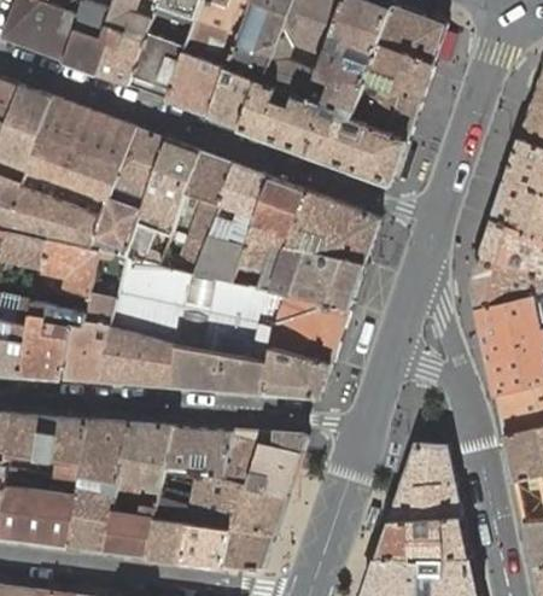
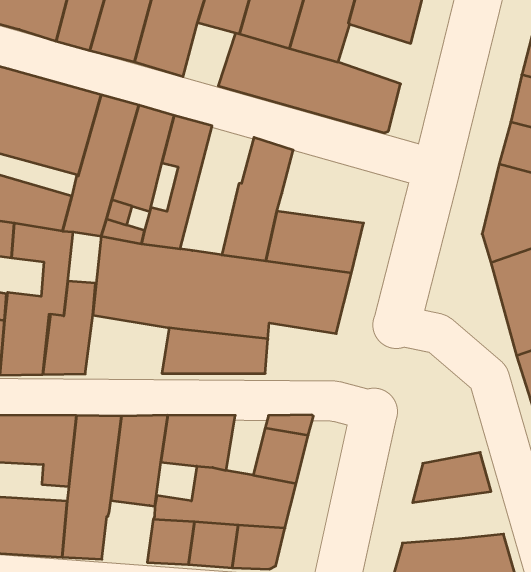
building: [210,69,261,128] -> none
building: [352,81,420,139] -> none
building: [195,164,270,282] -> none
building: [286,192,379,263] -> none
building: [100,328,180,386] -> none
building: [264,347,332,397] -> none
building: [222,430,264,485] -> none
building: [402,443,455,486] -> none
building: [103,506,154,557] -> none
building: [378,516,471,557] -> none

